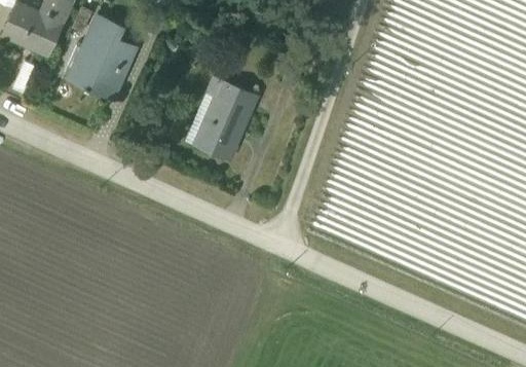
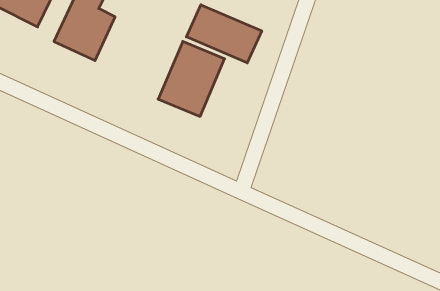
building: none -> [186,5,262,63]

